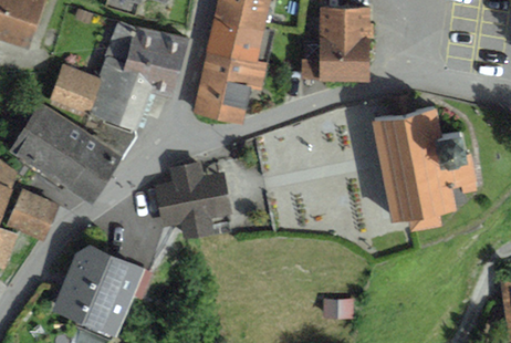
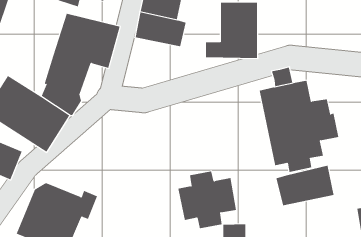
building: [194,53,268,124] -> none
building: [49,63,98,113] -> none
building: [154,163,232,239] -> [177,171,237,229]
building: none -> [276,165,334,206]

